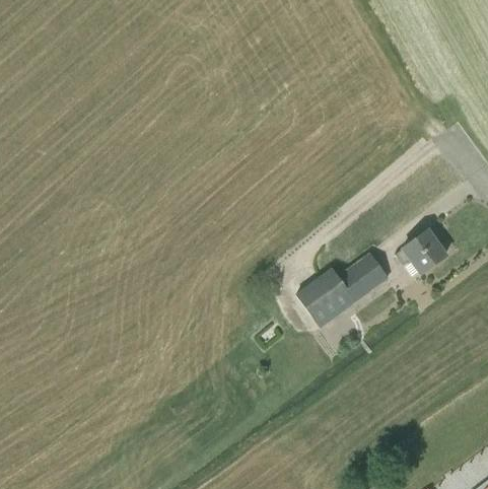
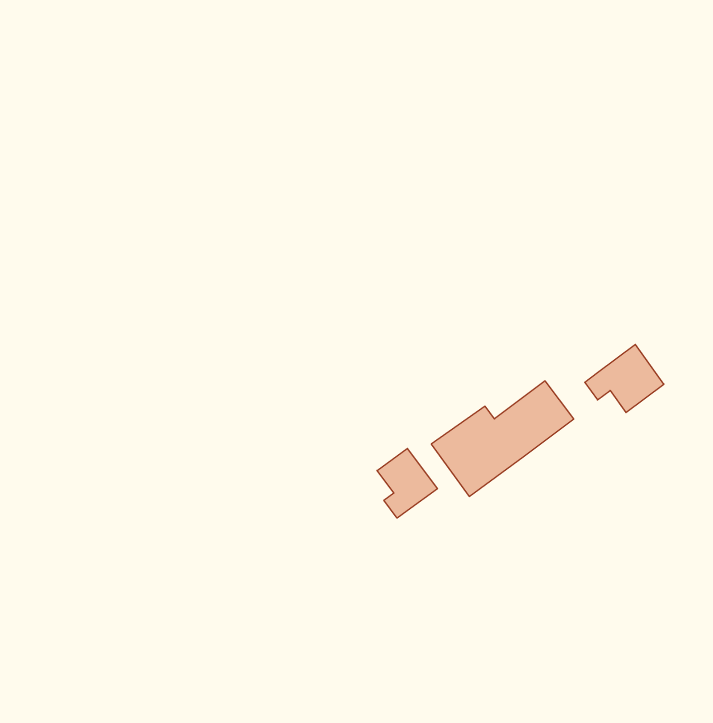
building: none -> [377,448,437,518]

